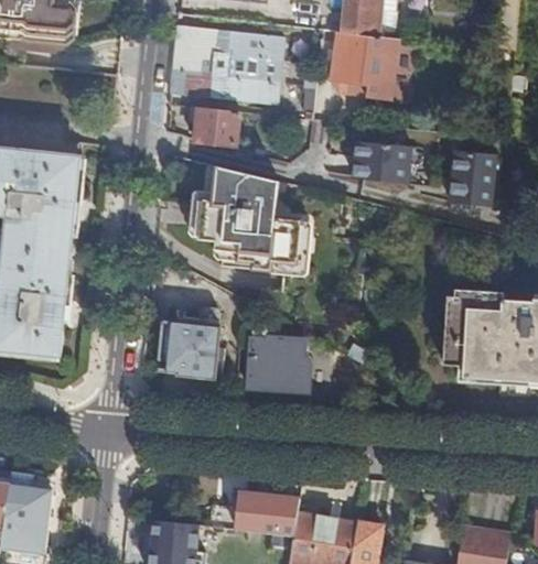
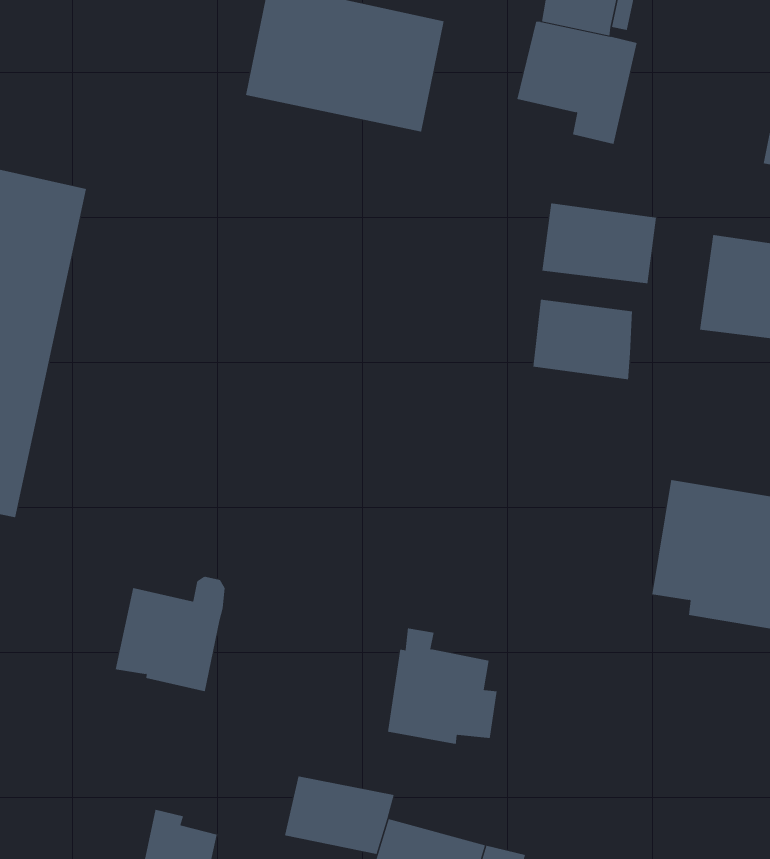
building: [193,108,239,147] -> none
building: [197,165,301,272] -> none
building: none -> [533,299,632,380]
building: [158,310,218,378] -> [115,576,225,692]
building: [247,325,310,391] -> [387,628,497,744]

